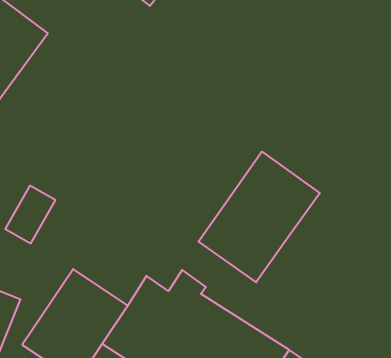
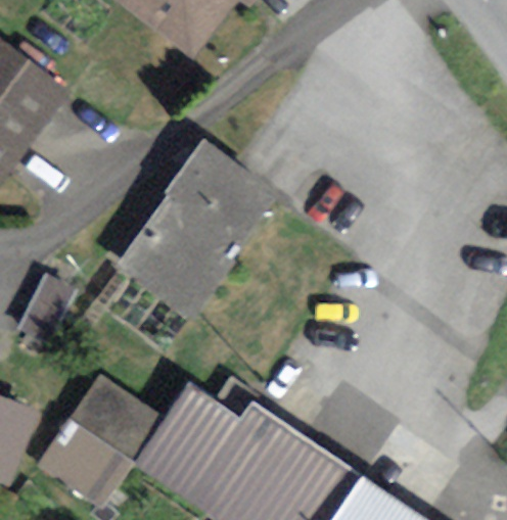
building: none -> [112,152,268,321]
building: [198,152,320,282] -> none

